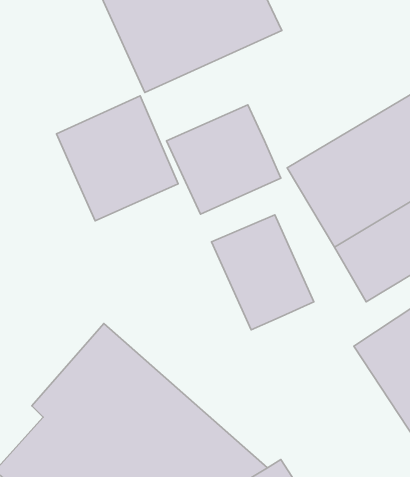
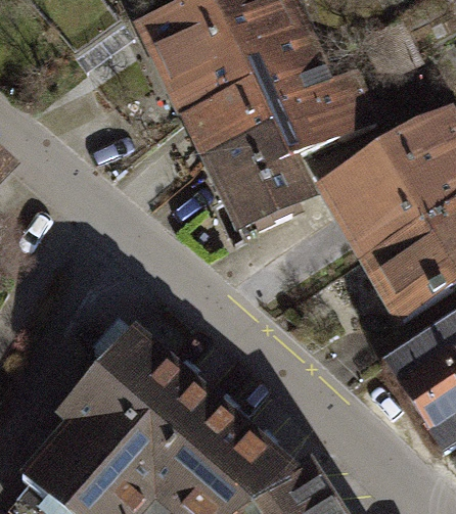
building: none -> [177,47,380,156]
building: [56,96,178,221] -> none
building: [212,215,314,330] -> none

